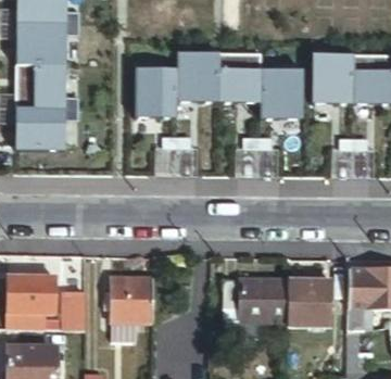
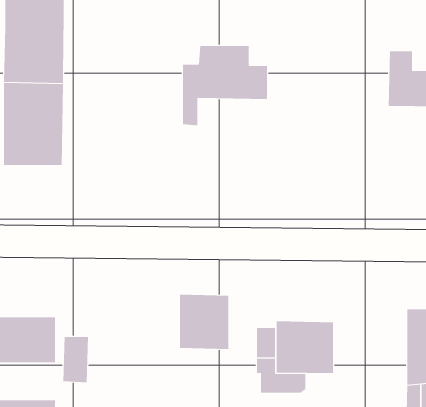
building: [312,55,335,101] -> none
building: [135,66,164,116] -> none
building: [235,67,303,116] -> none
building: [113,276,154,321] -> [179,294,229,350]
building: [289,279,332,327] -> none

